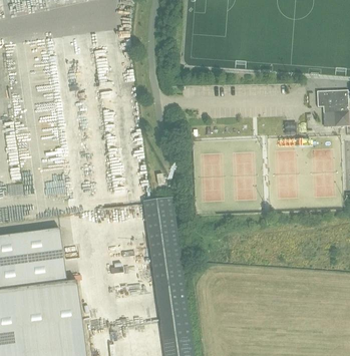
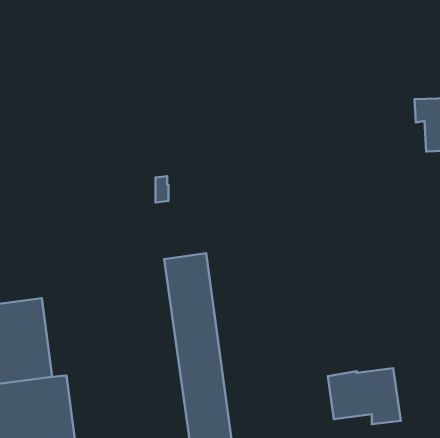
building: none -> [328,368,401,424]

